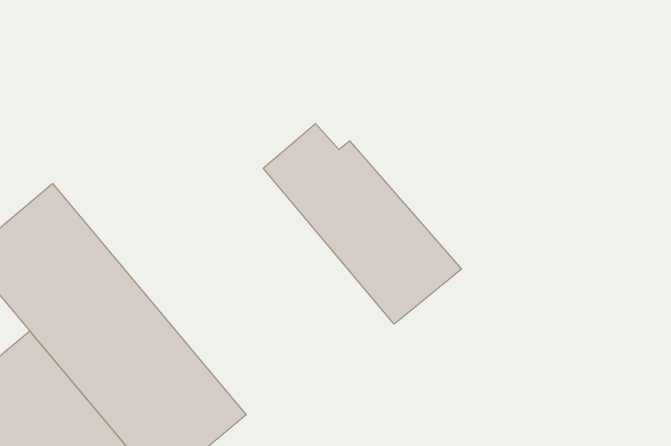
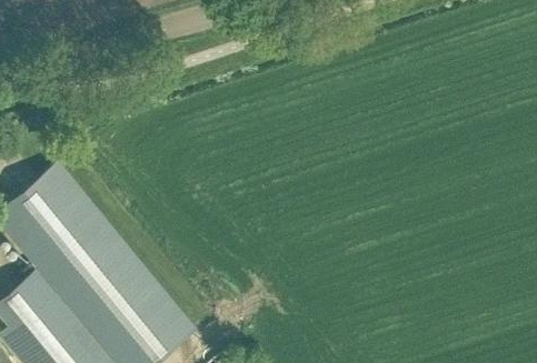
building: [263,123,461,324] -> none

